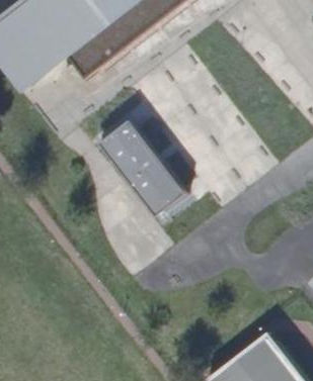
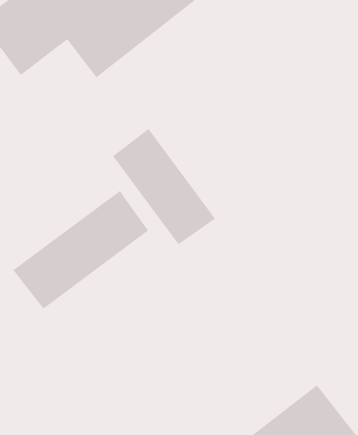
building: none -> [13,190,149,309]

